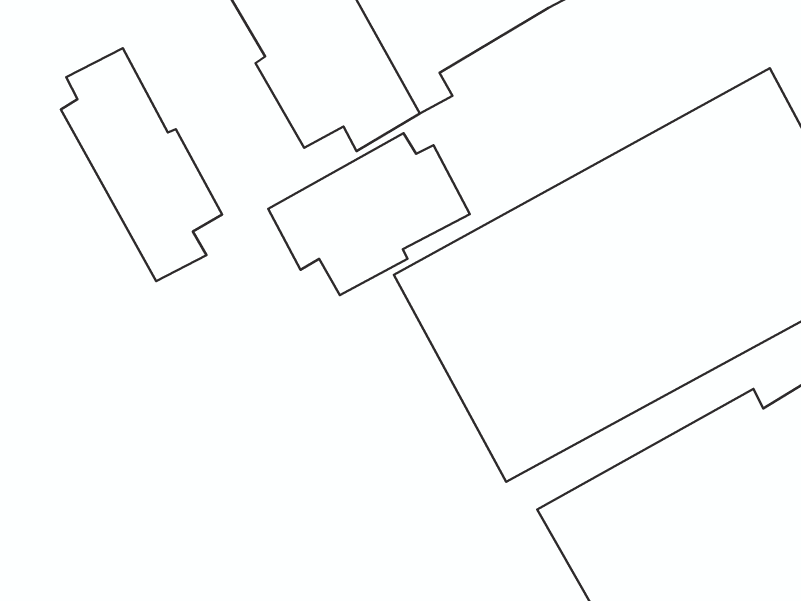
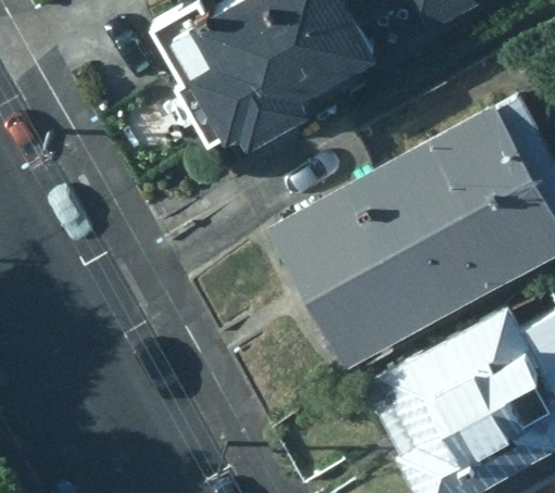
building: [61,48,222,281] -> none
building: [268,133,470,295] -> none

